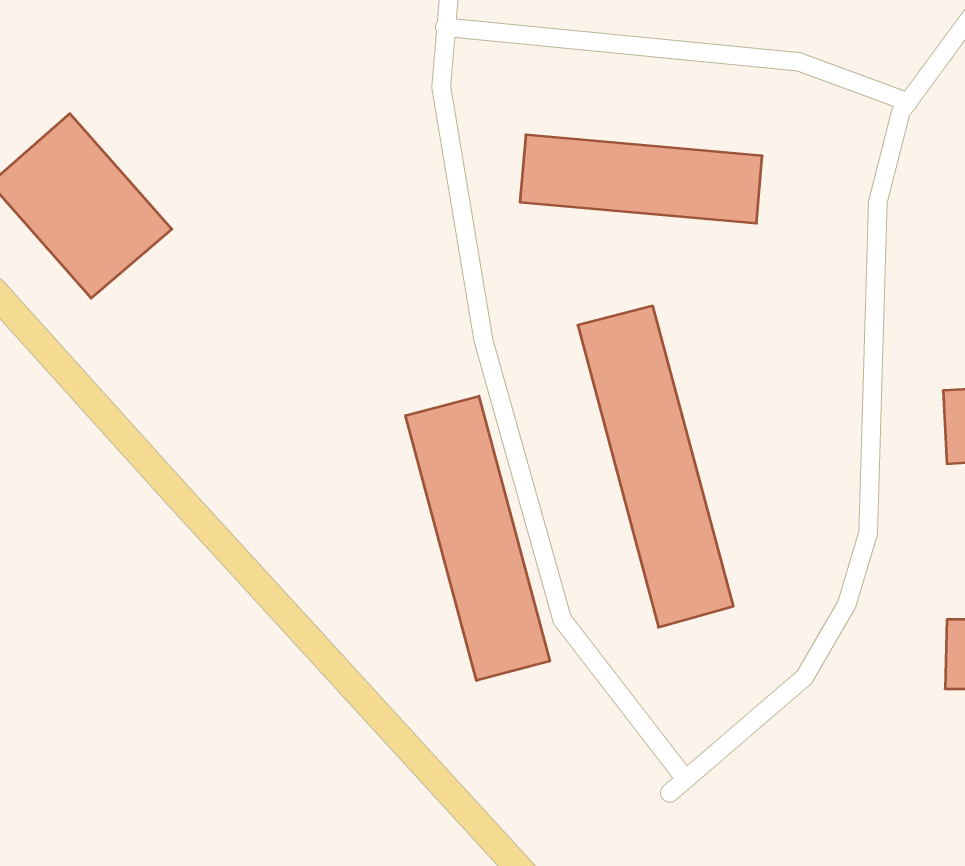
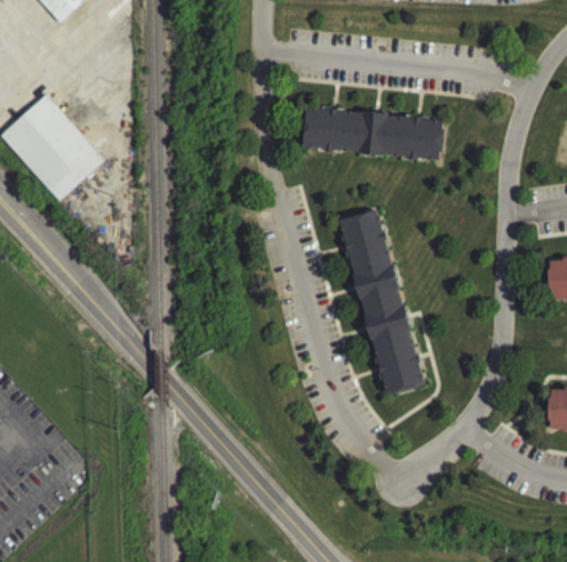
building: [406,396,550,681] -> none

